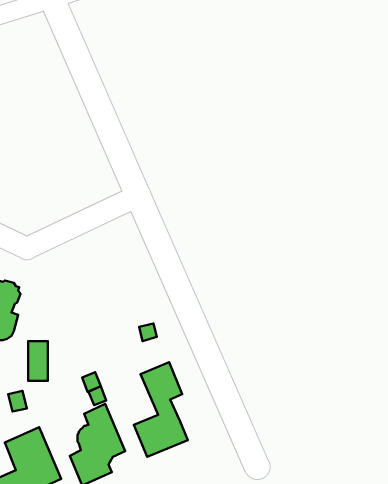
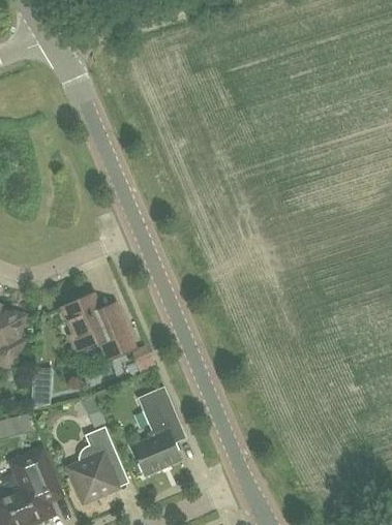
building: none -> [62,294,133,359]

